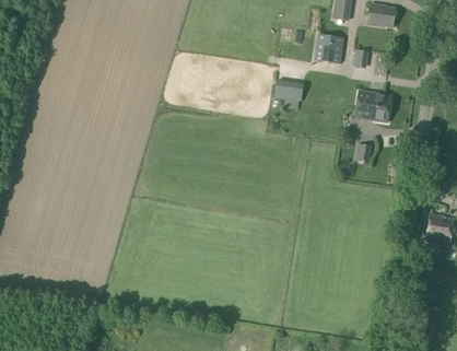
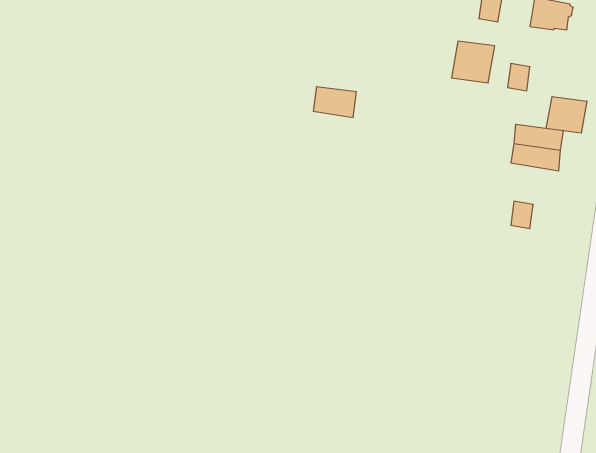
building: none -> [546,96,587,133]
building: [273,80,303,101] -> [313,87,356,117]

